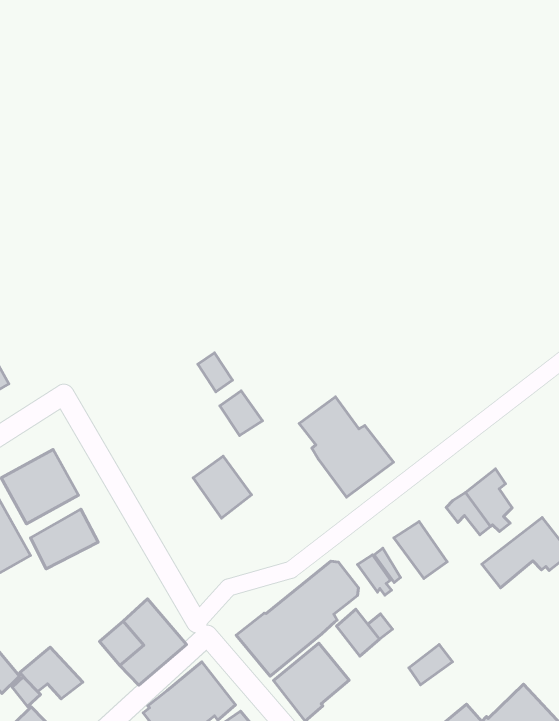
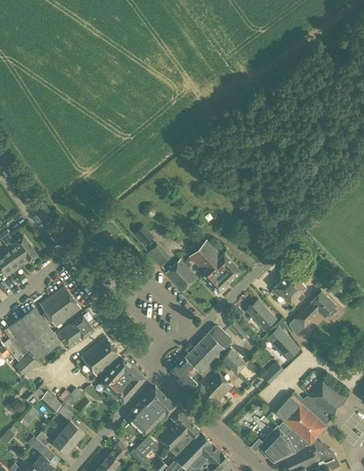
building: [193,456,251,518] -> [165,260,197,292]
building: none -> [81,337,120,376]
building: none -> [266,326,300,362]

